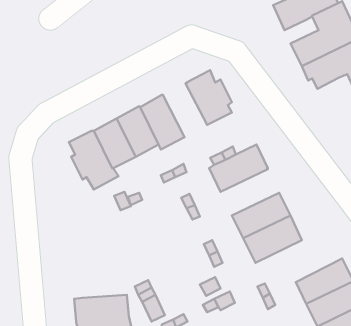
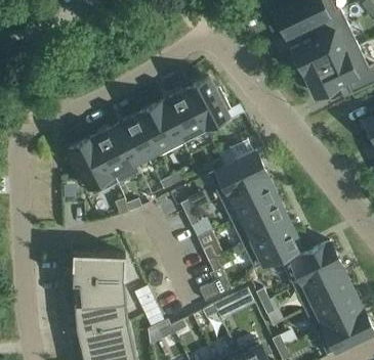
building: none -> [162,90,206,143]
building: none -> [219,175,278,221]
building: none -> [283,241,340,287]
building: none -> [72,252,126,304]

